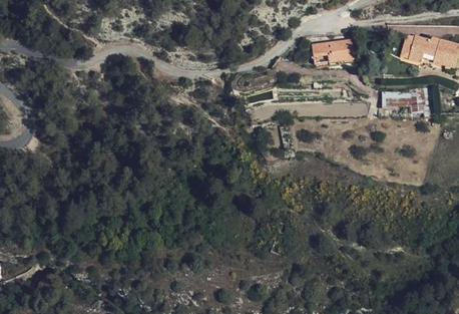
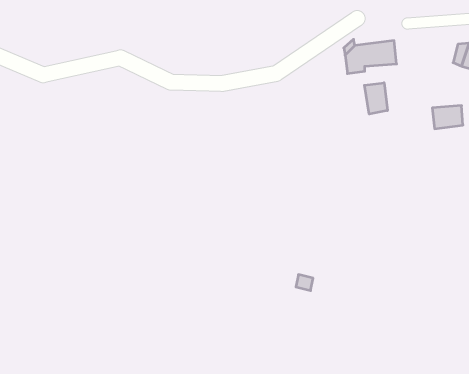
building: none -> [364,83,387,114]

